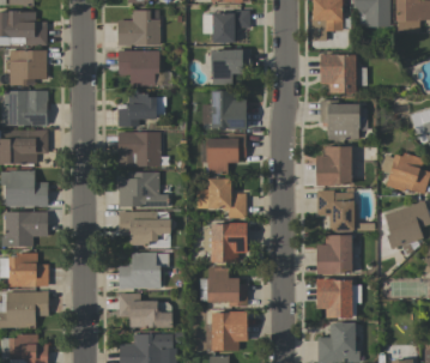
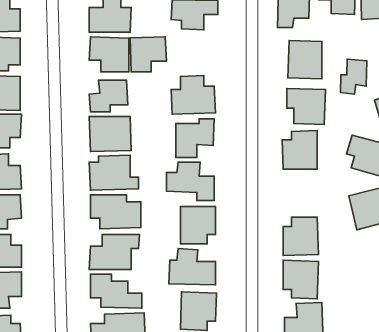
building: [211,49,248,85] -> [130,37,166,72]
building: none -> [340,59,367,94]
building: [316,190,355,230] -> none

